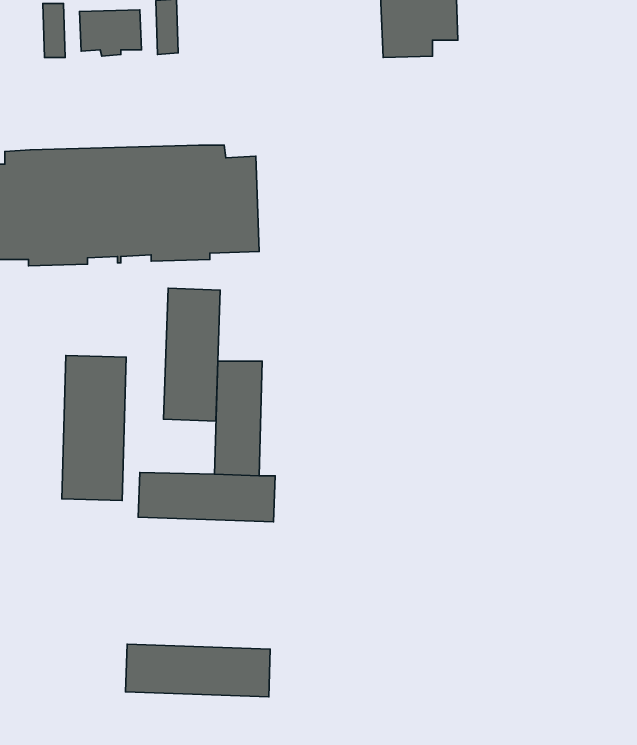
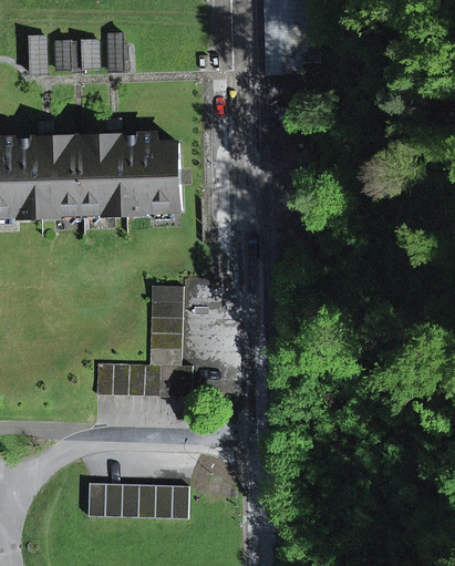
building: [163,288,220,421] -> none
building: [62,355,126,501] -> none

